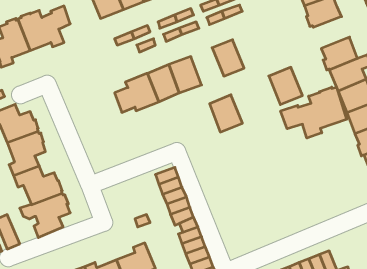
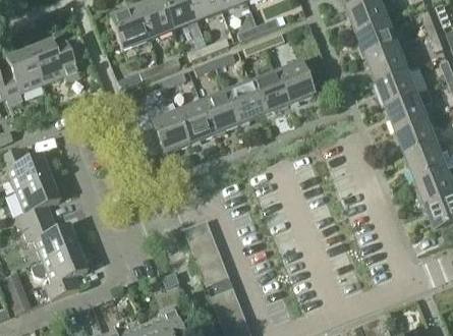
building: none -> [366,46,408,82]
building: [269,67,302,105] -> [274,62,313,105]
building: [281,87,347,138] -> none
building: [210,95,242,132] -> [226,81,264,124]

